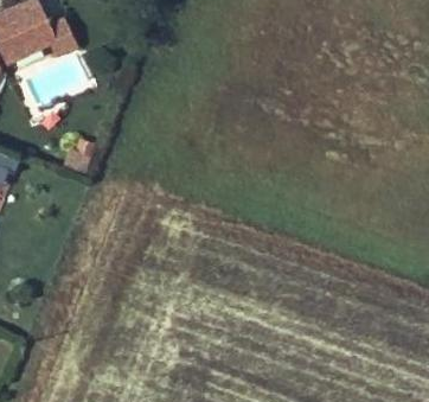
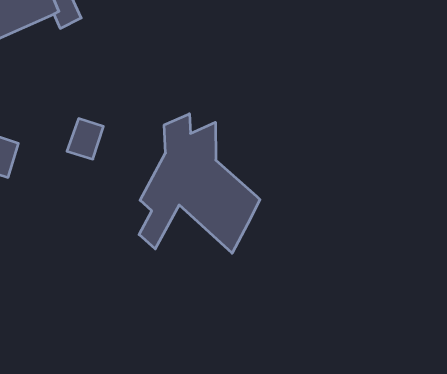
building: none -> [139,114,260,253]

